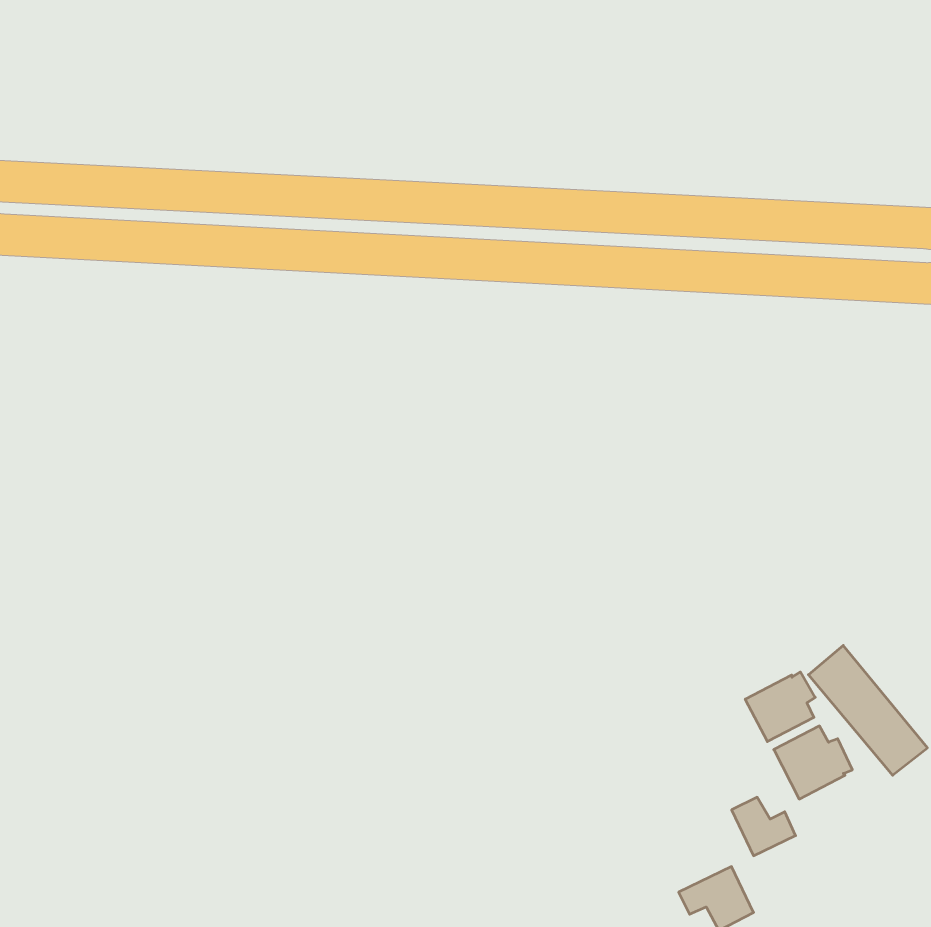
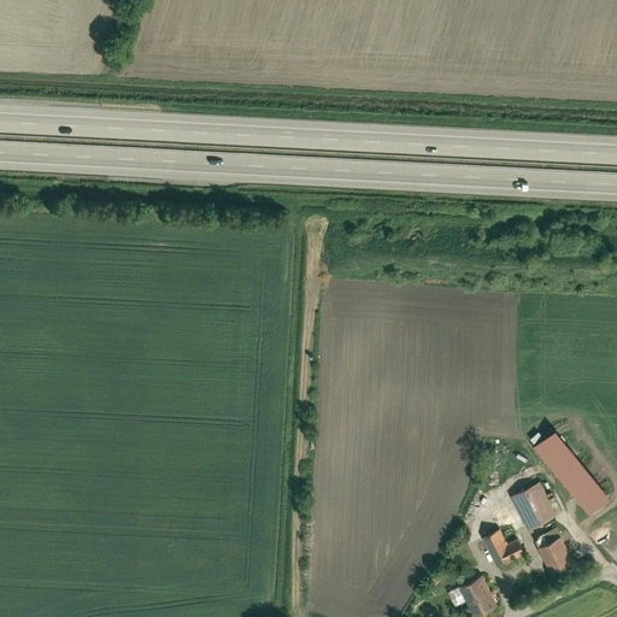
building: [745,672,815,742] -> none
building: none -> [536,537,574,575]

